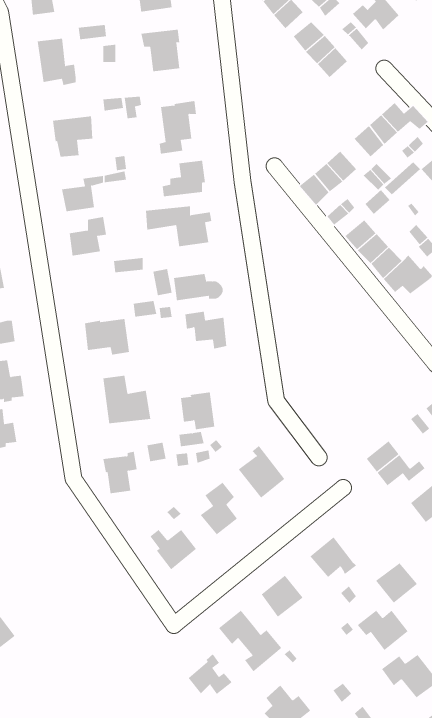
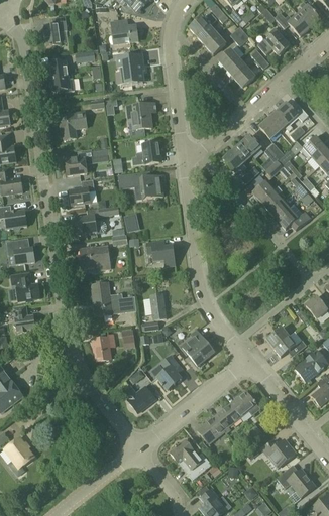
building: [173,273,223,301] -> [74,216,107,234]
building: [375,562,418,604] -> [213,403,241,430]
building: [188,653,232,695] -> none

